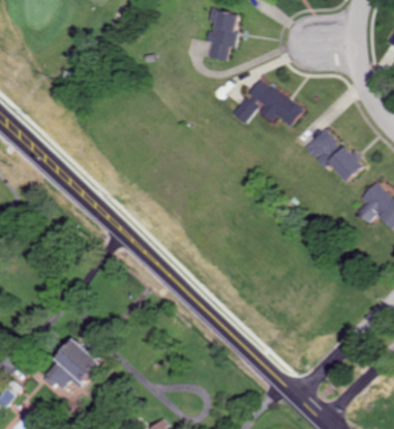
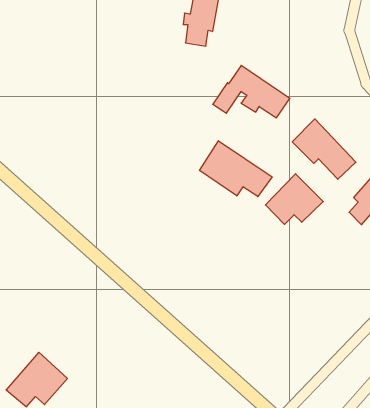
building: none -> [200,141,272,197]
building: none -> [265,174,323,224]

